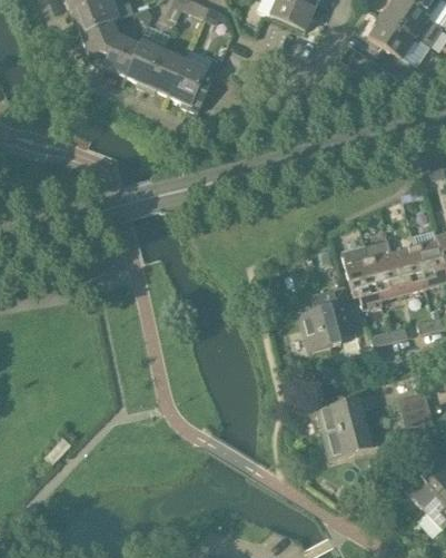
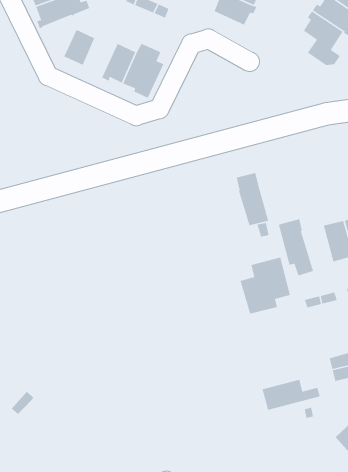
building: [80,19,117,65] -> none
building: [125,39,162,88] -> none
building: [365,238,402,298] -> [236,172,269,226]
building: [316,392,377,433] -> none

